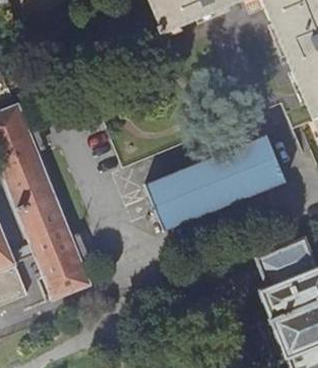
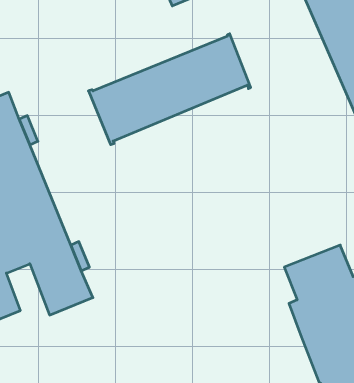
building: [144,135,285,232] -> [88,34,251,145]

